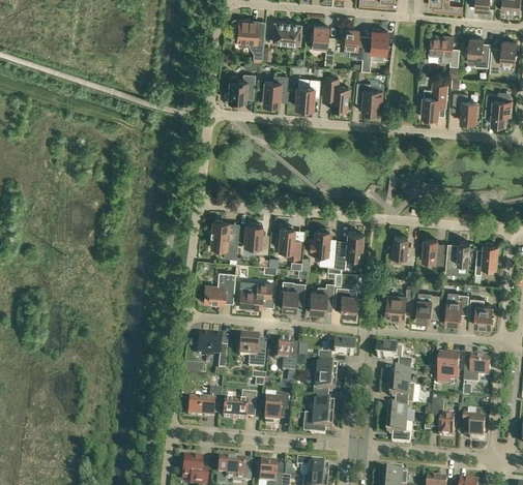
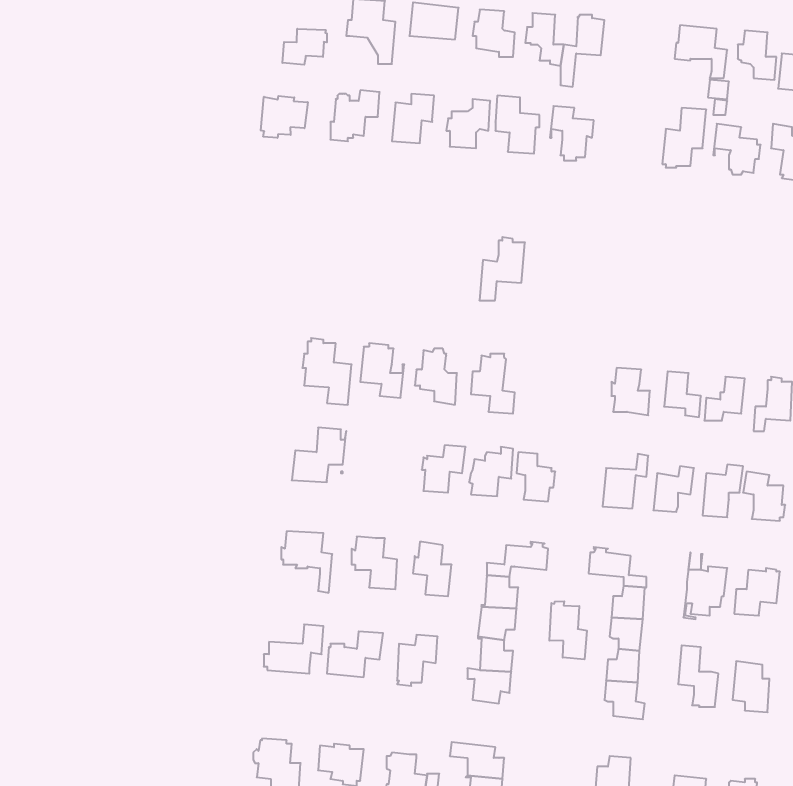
building: none -> [282,29,327,65]
building: none -> [261,96,308,138]
building: [336,230,362,267] -> [479,237,525,300]
building: [238,282,271,308] -> none
building: none -> [549,601,587,659]

